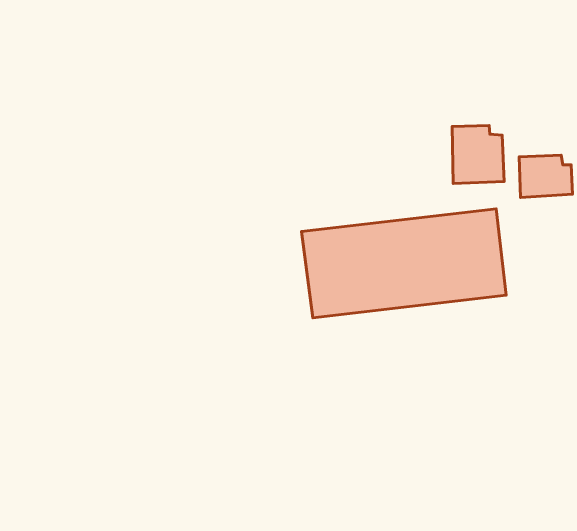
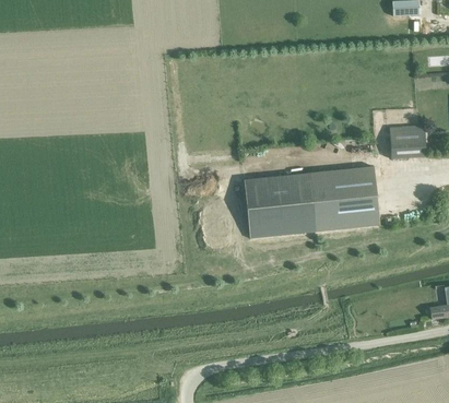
building: [452,125,504,184] -> none

